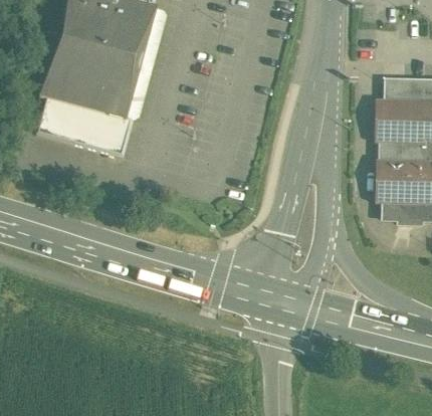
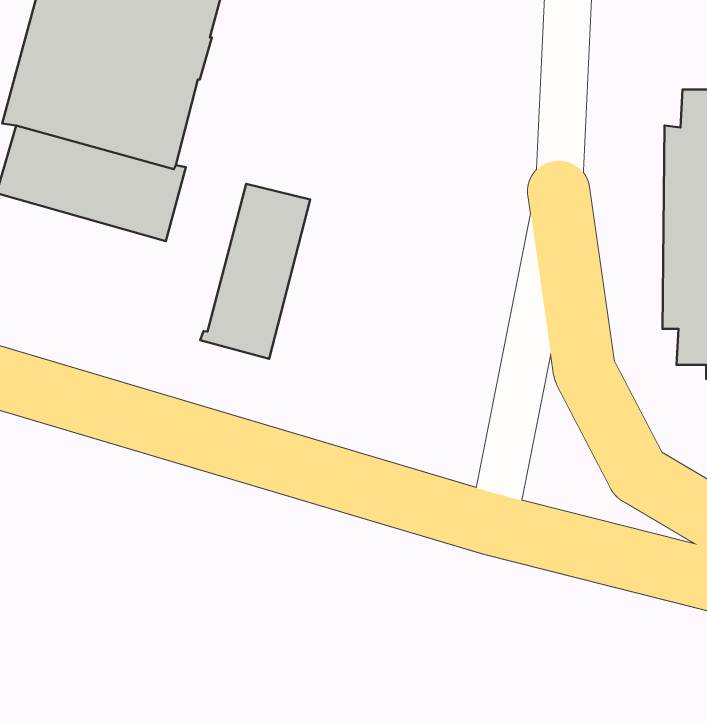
building: none -> [200,184,310,359]

